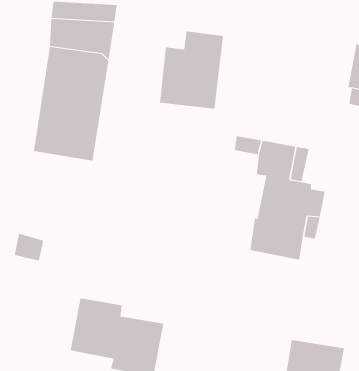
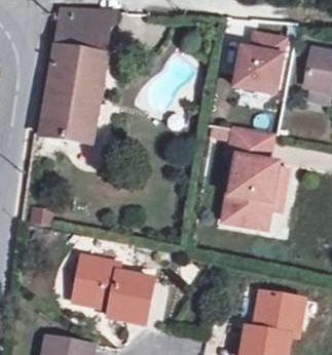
building: [159,31,224,109] -> [225,32,280,97]

